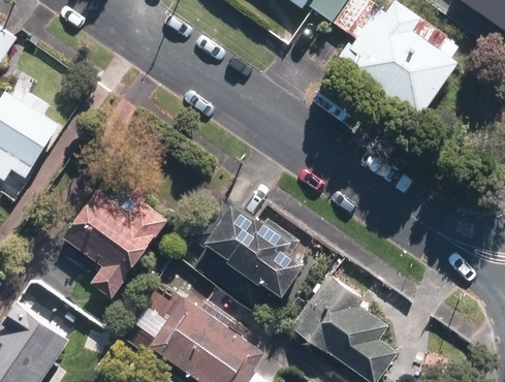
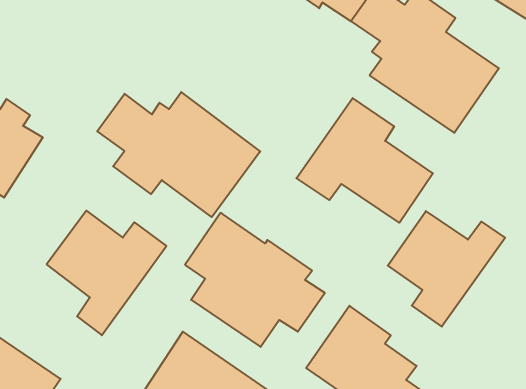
building: none -> [97,92,260,217]
building: none -> [296,98,433,223]
building: none -> [388,211,505,327]

